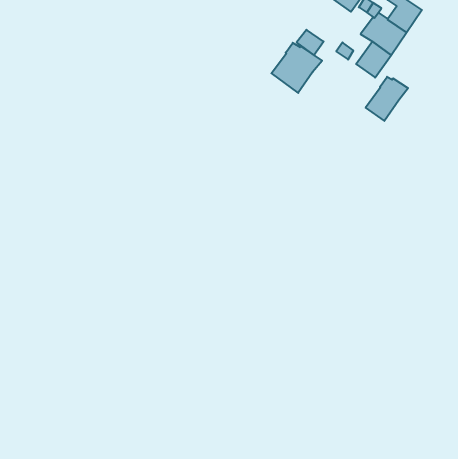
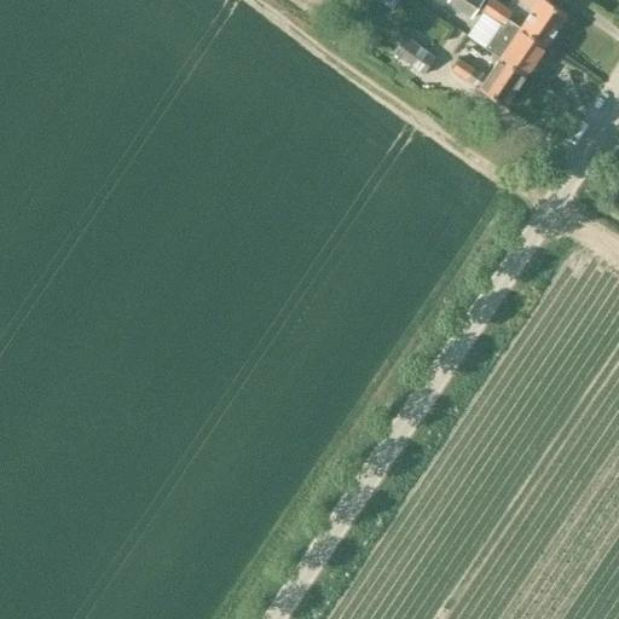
building: [271,43,322,93] -> none
building: [366,77,408,121] -> none

